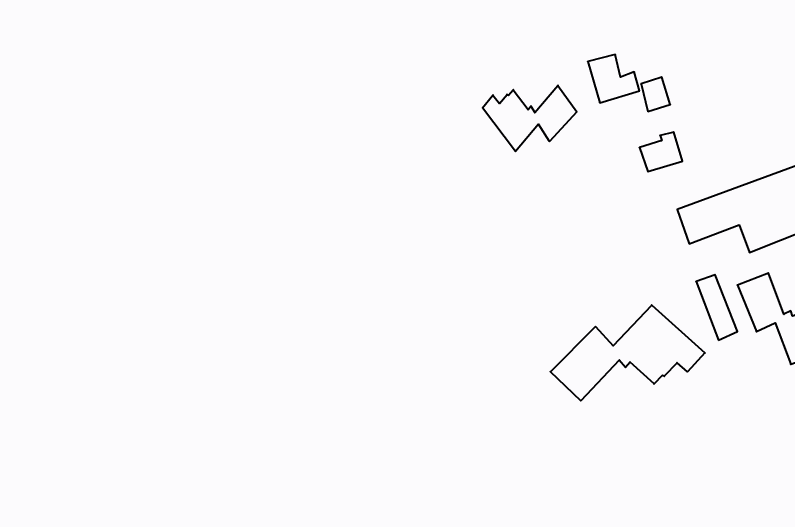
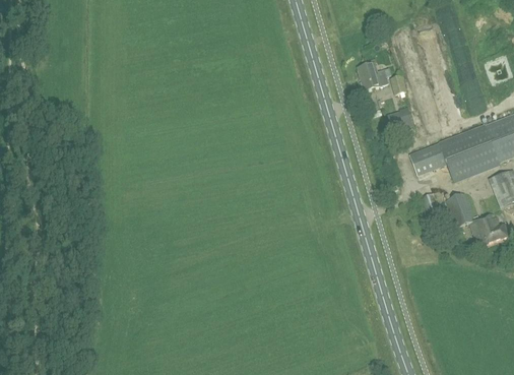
building: [483,85,577,151] -> none
building: [550,305,705,401] -> none

